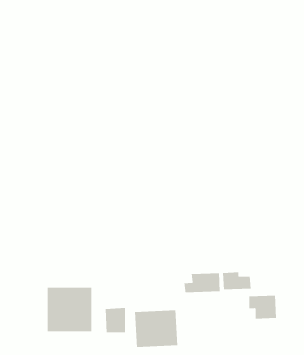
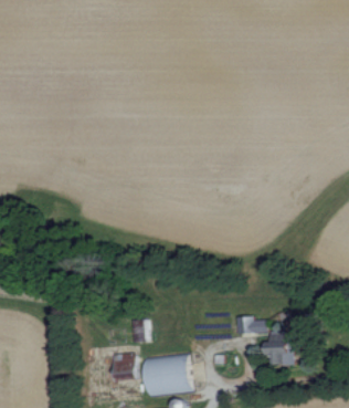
building: [184,272,220,293] -> none
building: [47,287,92,332] -> none

